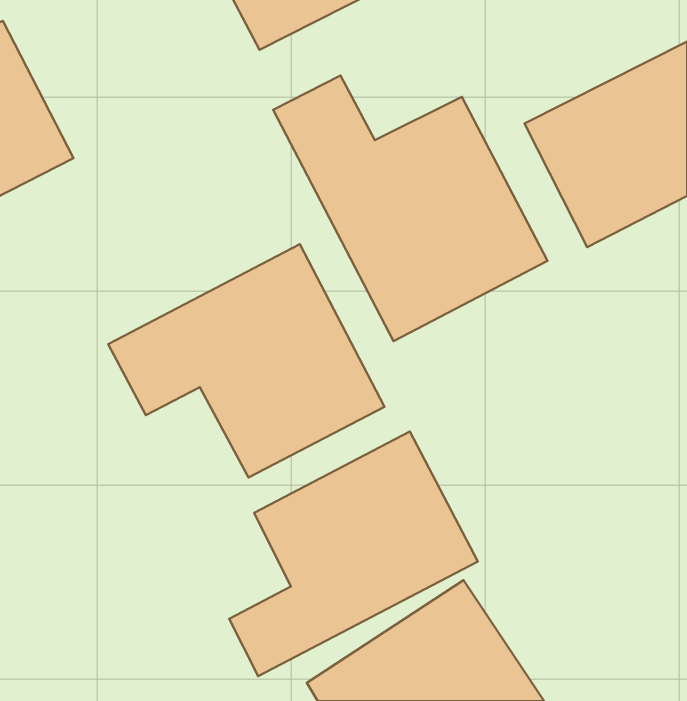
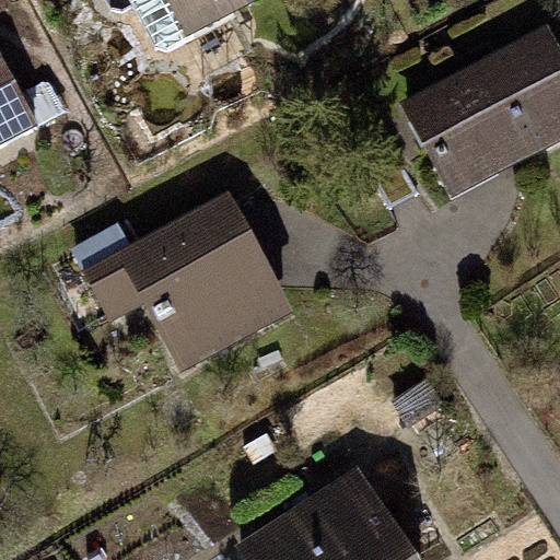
building: [273,75,547,341] -> none
building: [229,432,478,676] -> none

